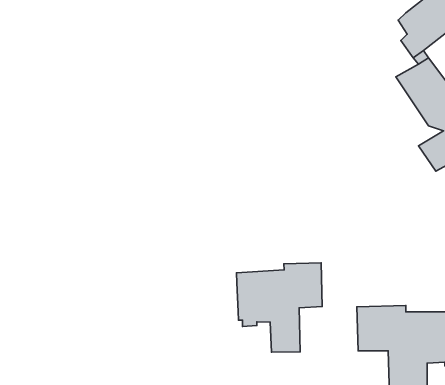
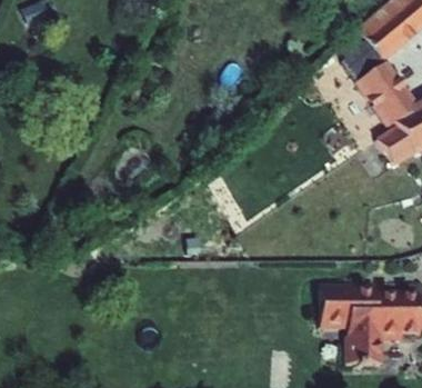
building: [236,263,322,352] -> none

